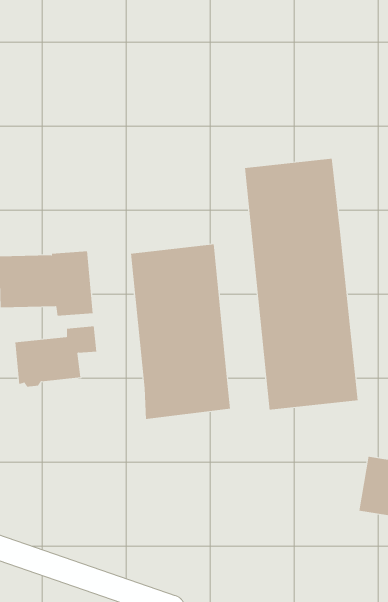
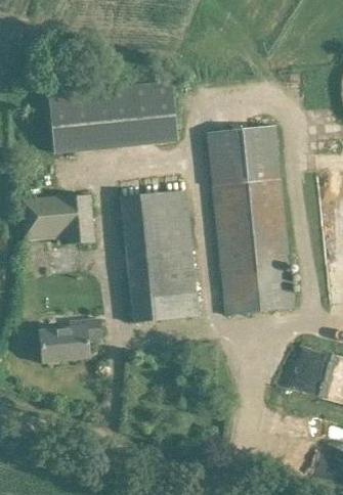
building: none -> [48,82,178,152]
building: [14,326,97,387] -> [39,319,101,365]

